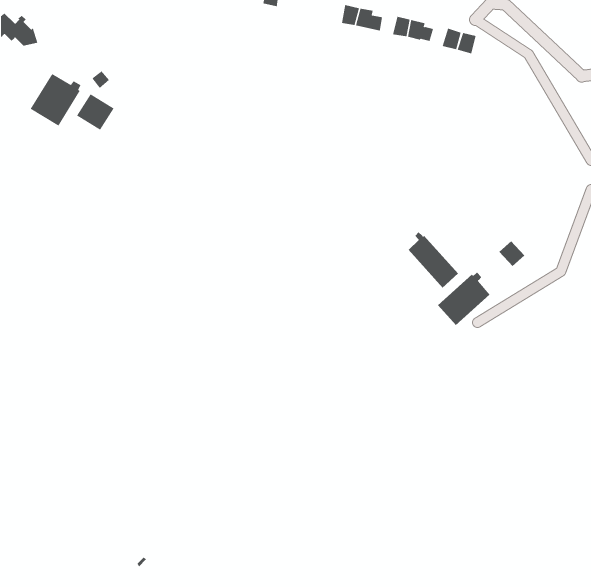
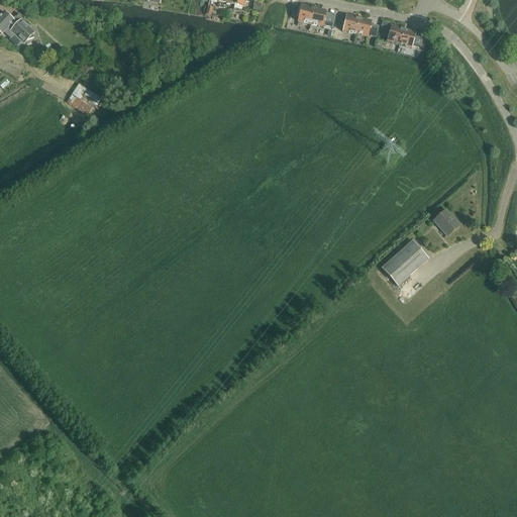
building: [30,73,81,127] -> none
building: [408,232,459,288] -> none

